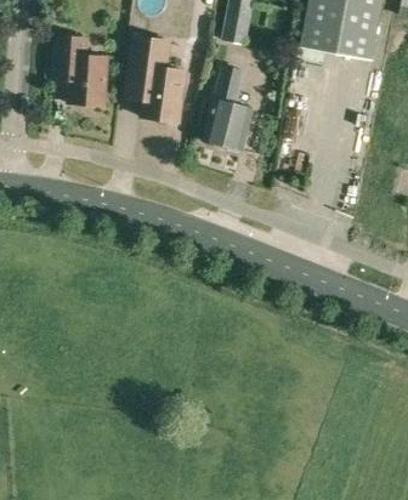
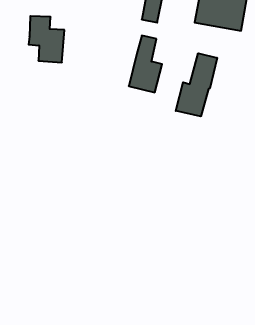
building: [124,34,185,120] -> none
building: none -> [176,53,217,116]

